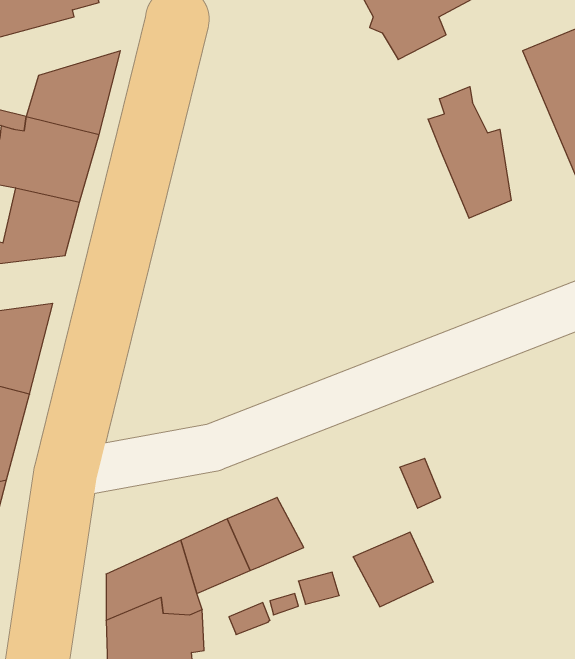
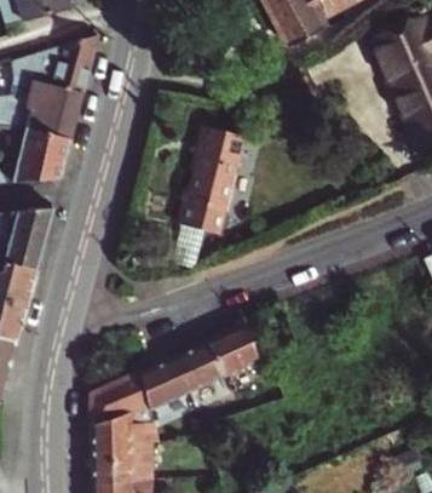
building: [428,87,511,218] -> none
building: none -> [180,127,237,229]
building: [353,532,433,607] -> [207,323,261,374]

